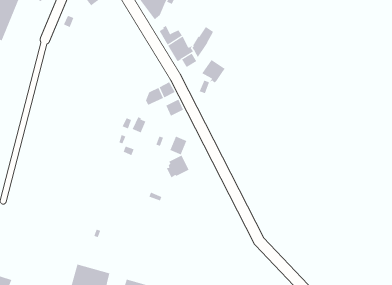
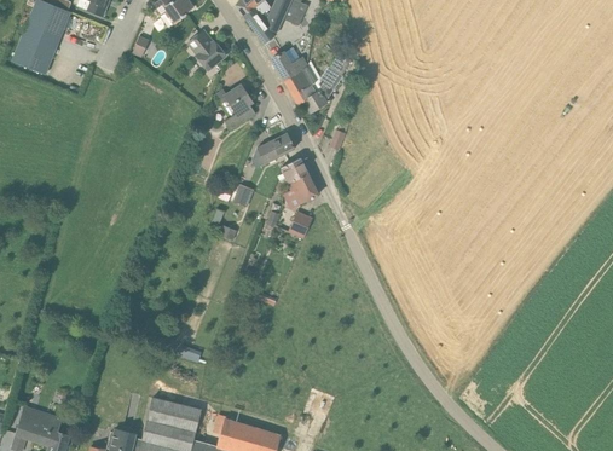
building: none -> [189,29,226,69]
building: none -> [214,83,254,129]
building: [201,59,225,84] -> none
building: [166,155,189,178] -> [285,173,319,207]

